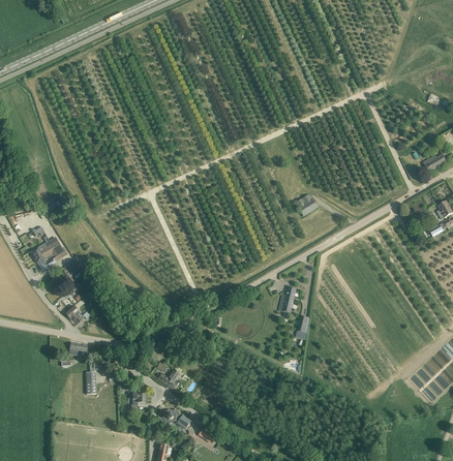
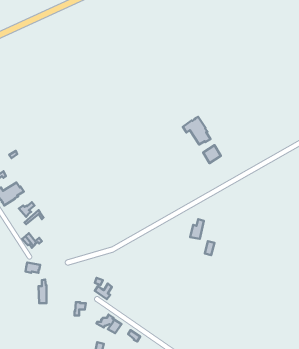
building: none -> [183,117,211,144]

